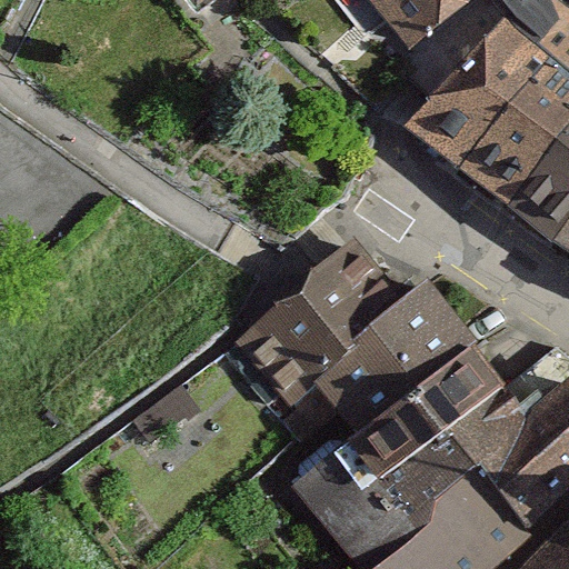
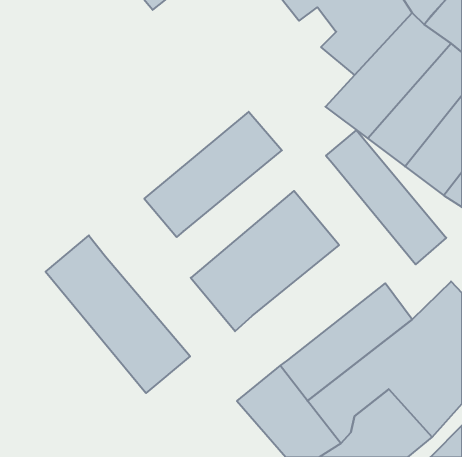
building: none -> [144,112,282,237]
building: none -> [326,130,446,264]
building: [310,288,479,442] -> none
building: none -> [46,235,190,393]

